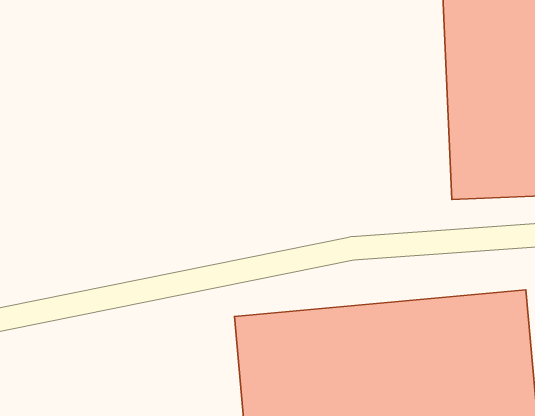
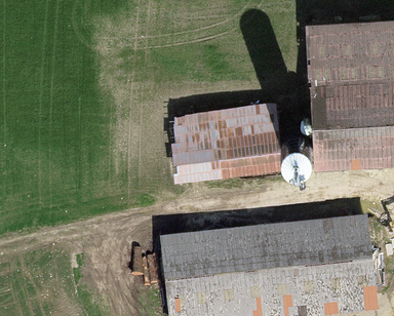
building: none -> [171,101,281,177]

